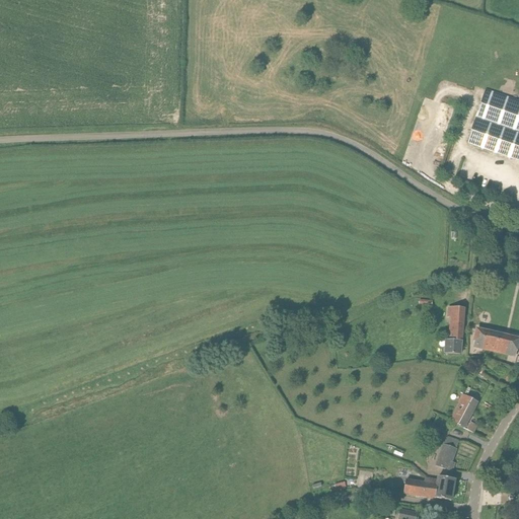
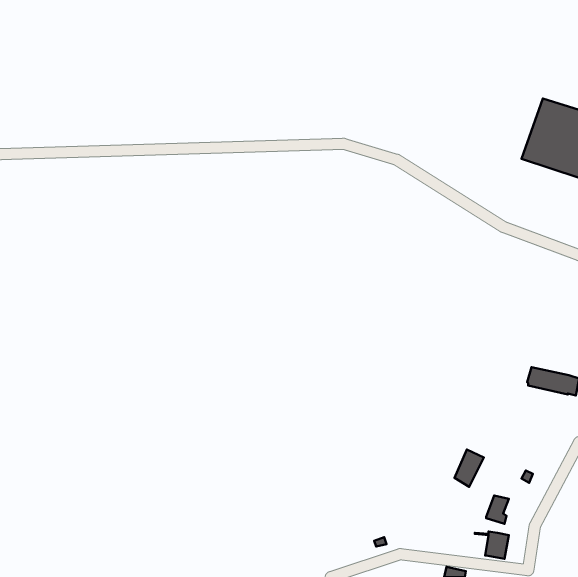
building: [444,306,464,353] -> none
building: [451,393,477,427] -> [454,449,484,487]
building: [404,477,438,497] -> none

